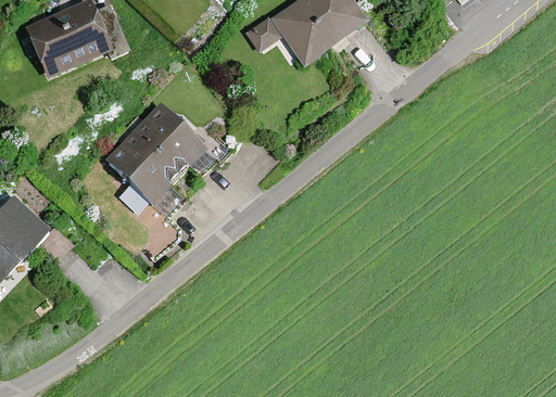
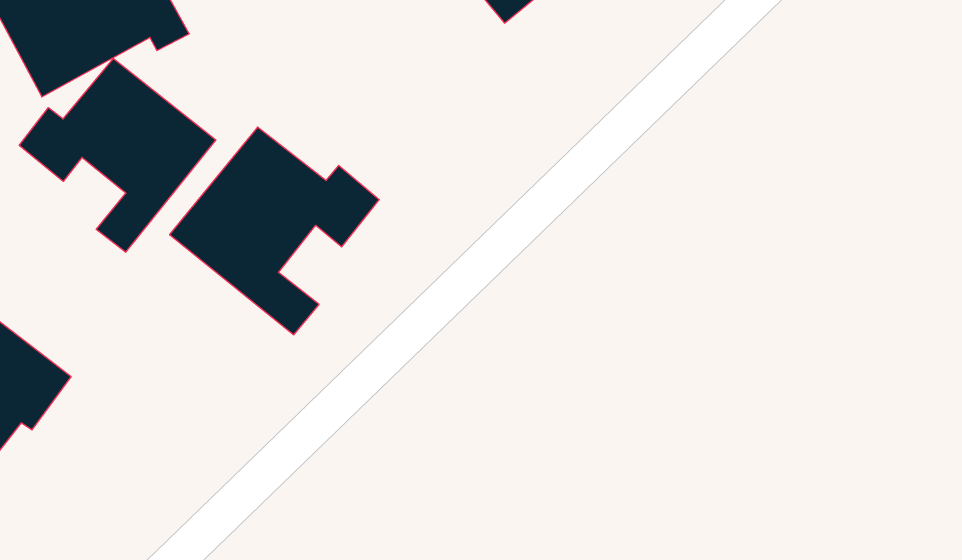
building: none -> [19,59,216,252]

